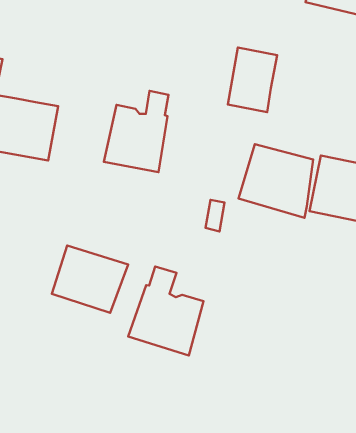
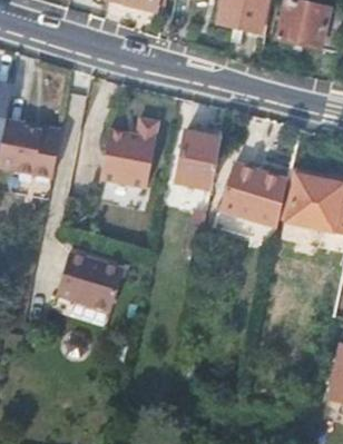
building: [228,48,277,112] -> [176,132,219,189]
building: [128,266,203,356] -> none

